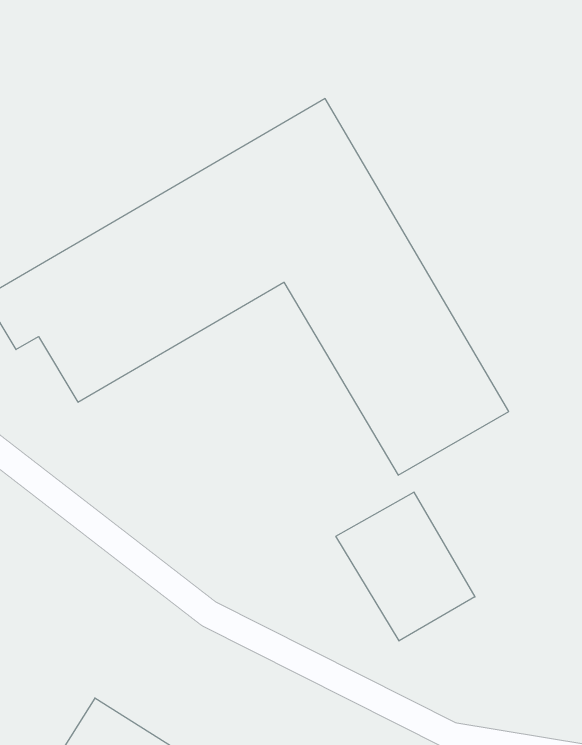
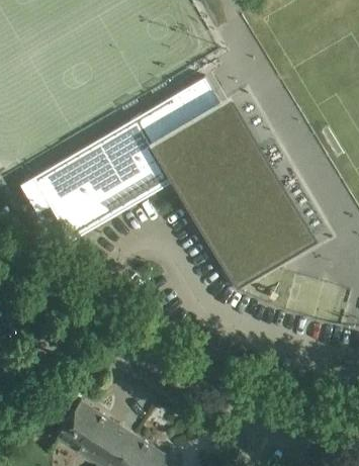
building: [336,492,475,641] -> none

